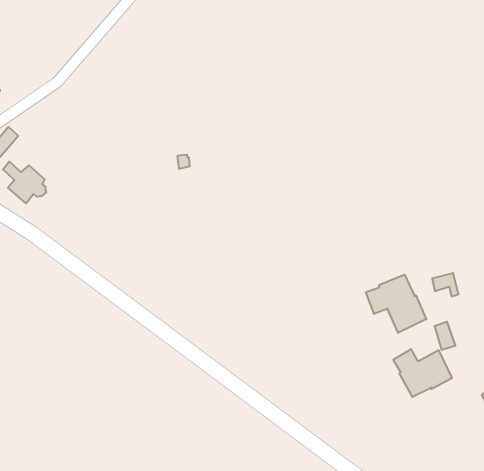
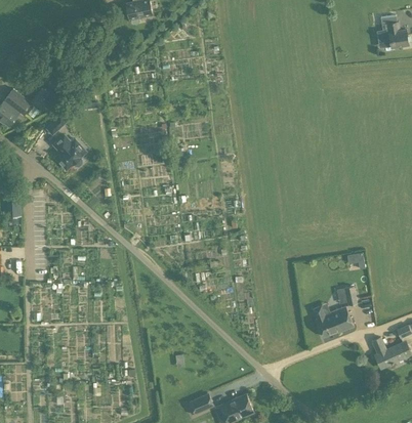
building: [366,275,426,333] -> none

